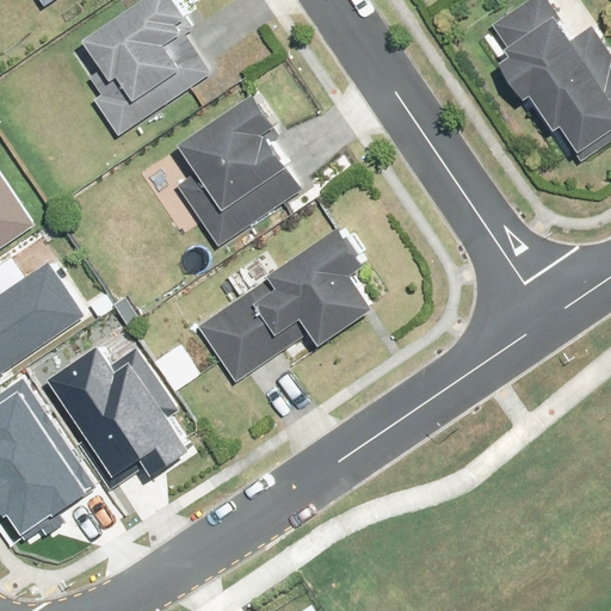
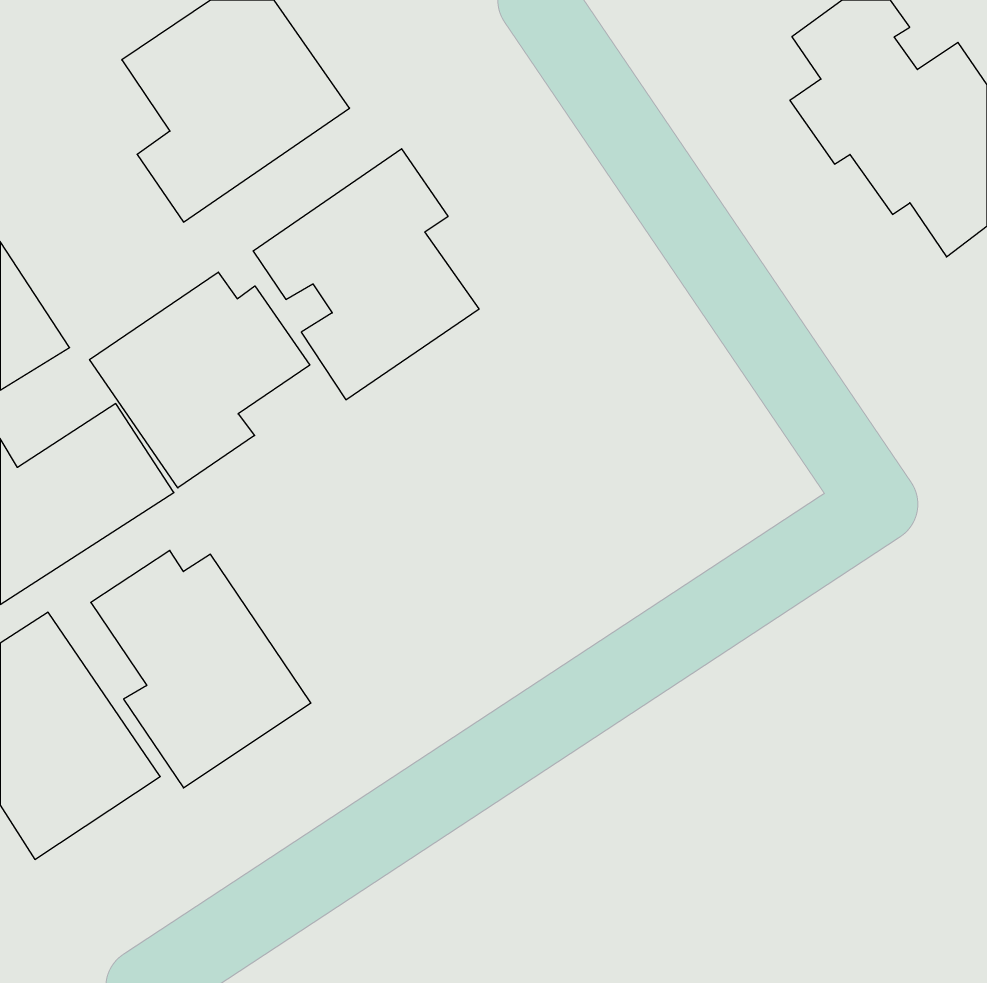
building: none -> [90,272,310,488]
building: [195,230,365,384] -> none

